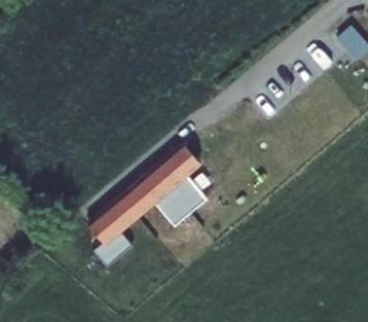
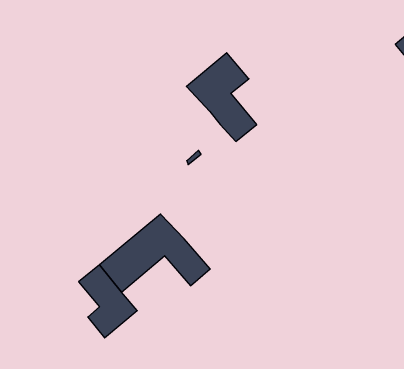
building: [154,143,210,213] -> [186,53,257,141]

